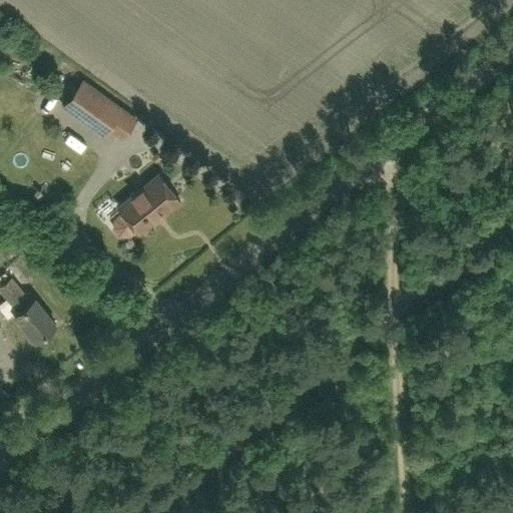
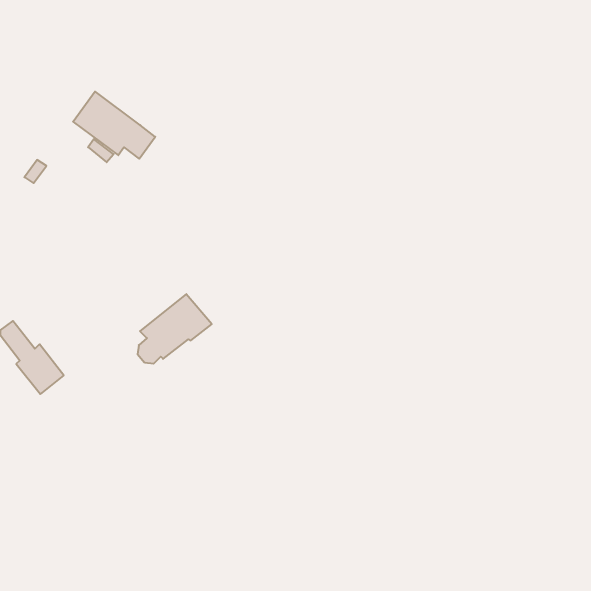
building: [117,176,181,236] -> [138,294,212,364]

